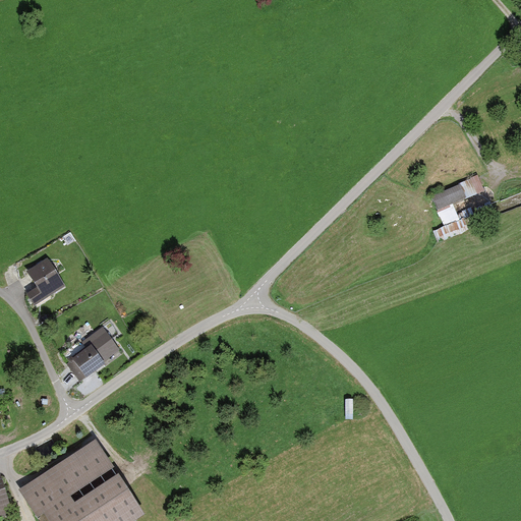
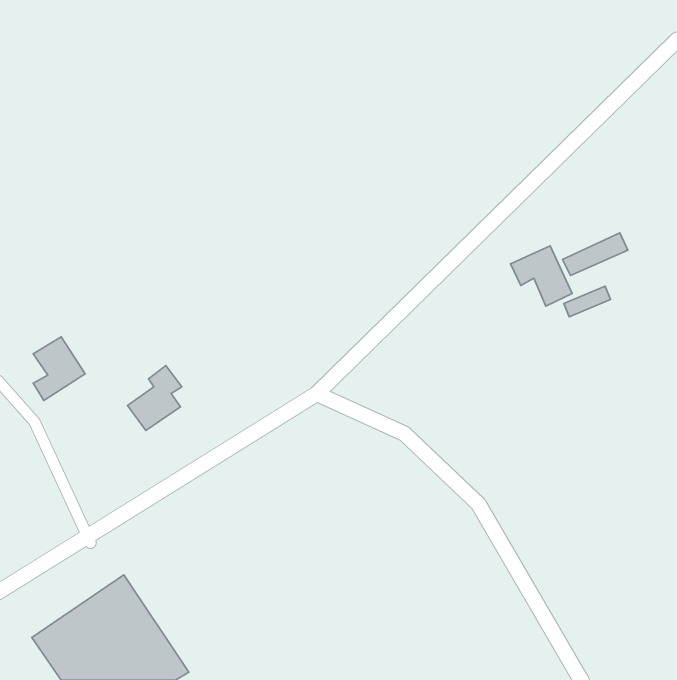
building: none -> [511,246,572,306]
building: [64,332,106,382] -> [127,365,182,431]

